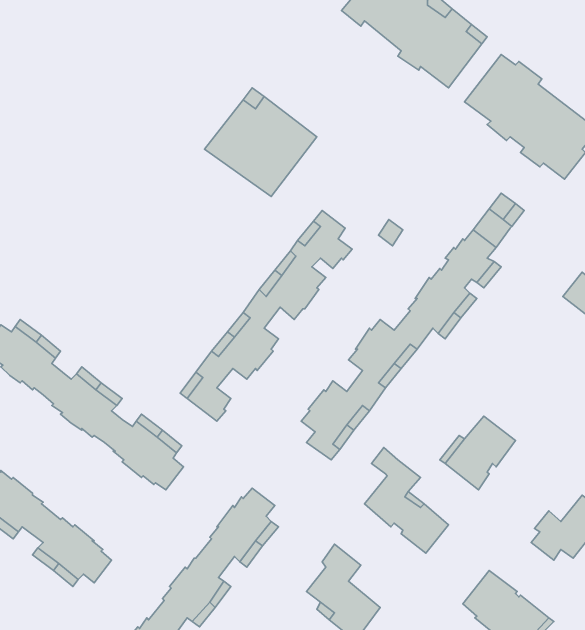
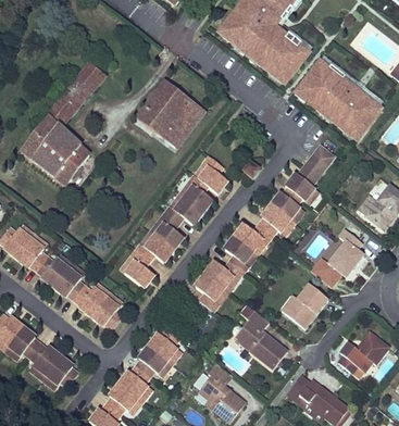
building: none -> [21,62,105,185]
building: none -> [311,228,363,286]

